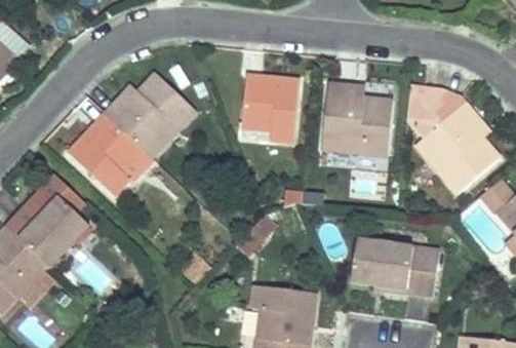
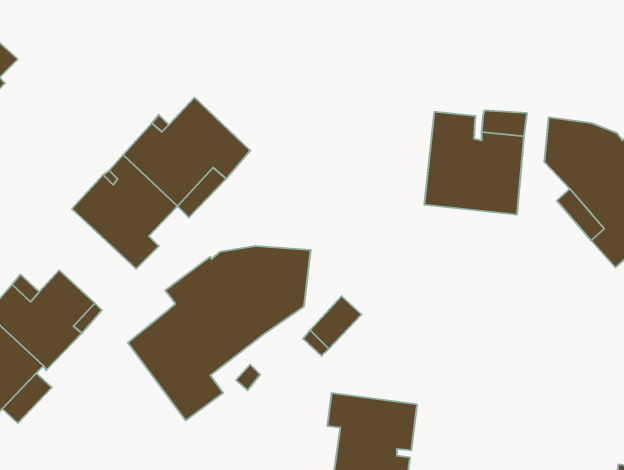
building: [241,74,300,142] -> none
building: none -> [128,246,311,420]
building: [351,239,440,297] -> none

